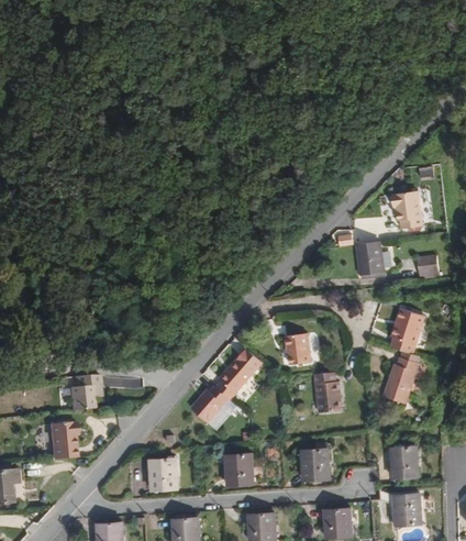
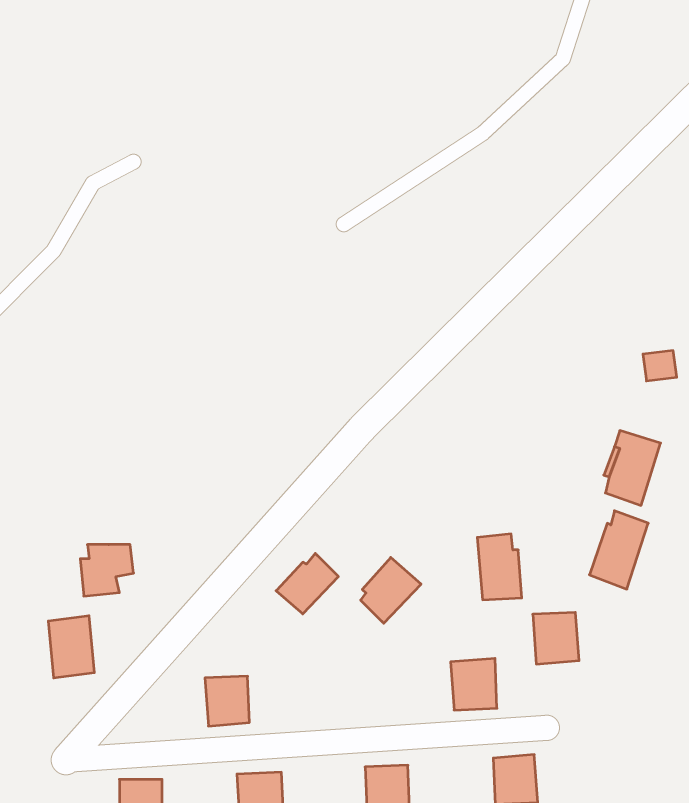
building: [392,192,423,230] -> none
building: [357,243,385,279] -> none
building: [284,330,312,362] -> none
building: [217,357,254,398] -> [361,557,421,623]
building: [389,446,418,478] -> [533,612,579,664]
building: [223,453,252,485] -> none
building: [391,494,419,526] -> none

